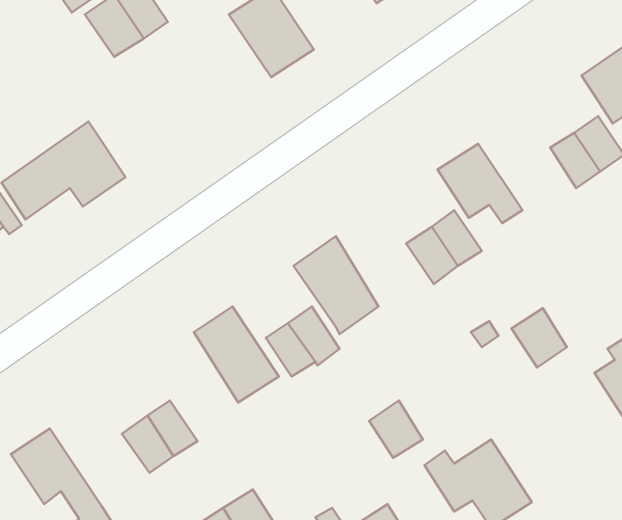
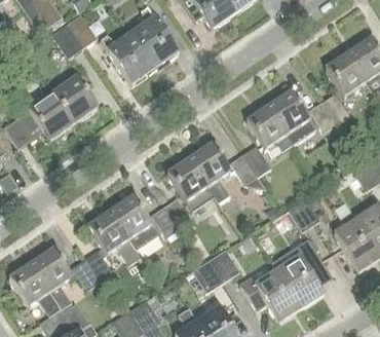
building: none -> [101,33,155,84]
building: none -> [53,76,98,123]
building: none -> [270,89,318,142]
building: none -> [191,143,232,201]
building: none -> [89,210,142,264]
building: none -> [32,248,73,306]
building: none -> [277,255,322,304]
building: none -> [192,259,223,291]

